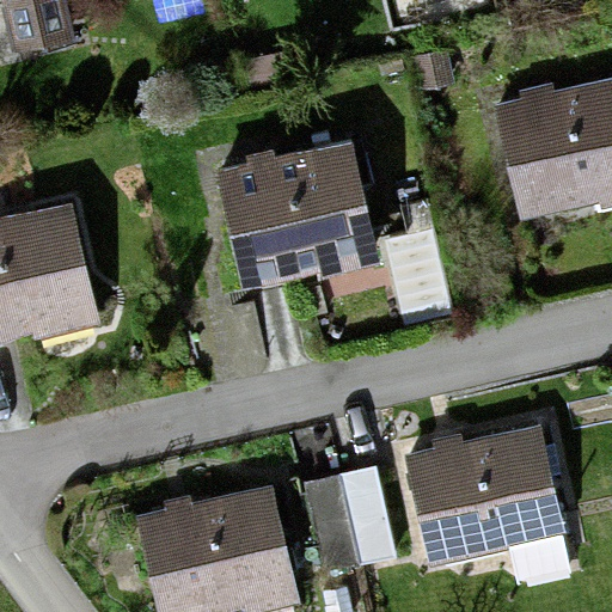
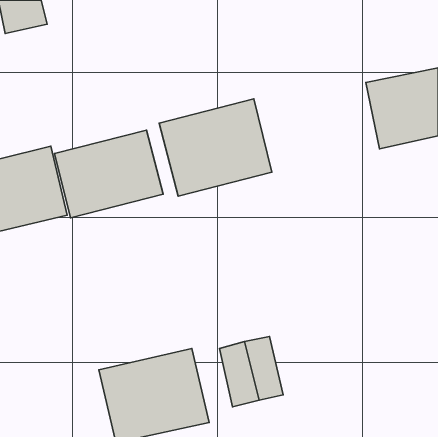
building: none -> [54,130,163,218]
building: [400,420,569,568] -> none

